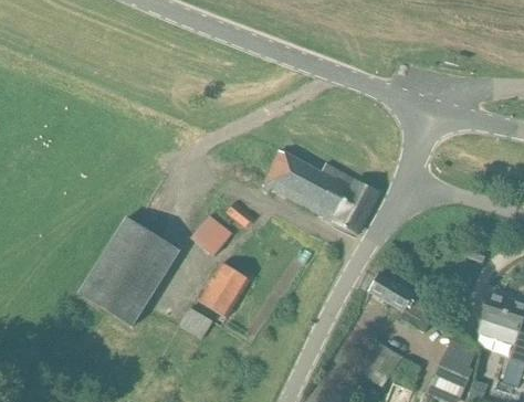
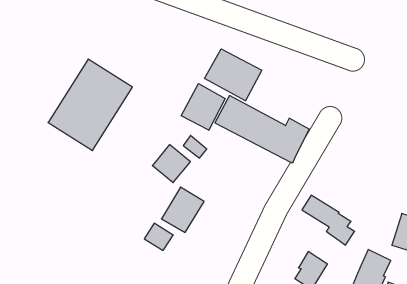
building: none -> [205,49,262,101]
building: none -> [181,84,225,130]
building: [77,215,180,327] -> [48,59,132,151]

